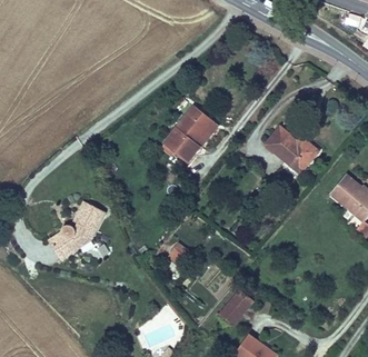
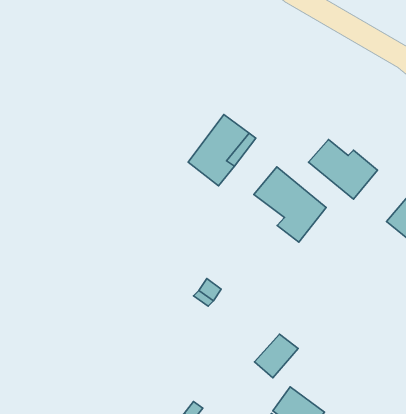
building: none -> [254,167,326,242]
building: [48,200,106,258] -> none

